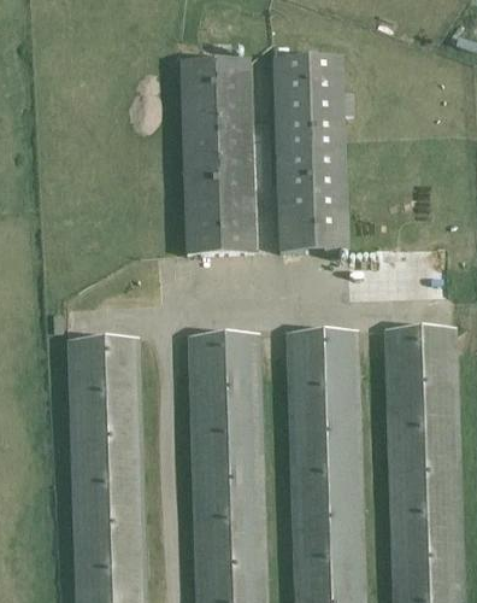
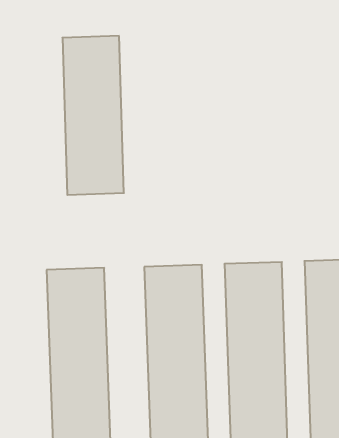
building: [271,52,353,250] -> none
building: [179,55,255,252] -> [62,36,124,195]

